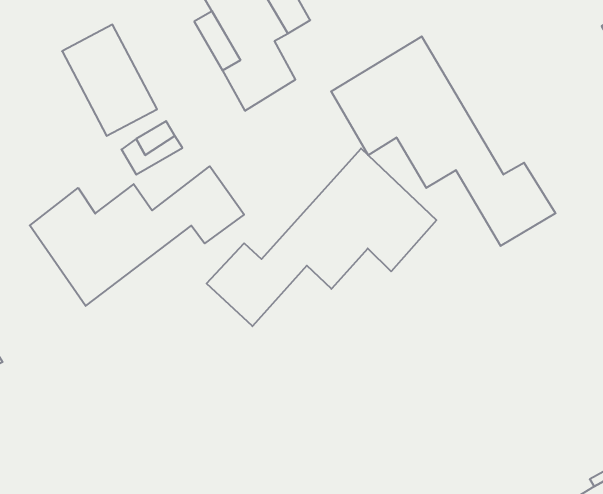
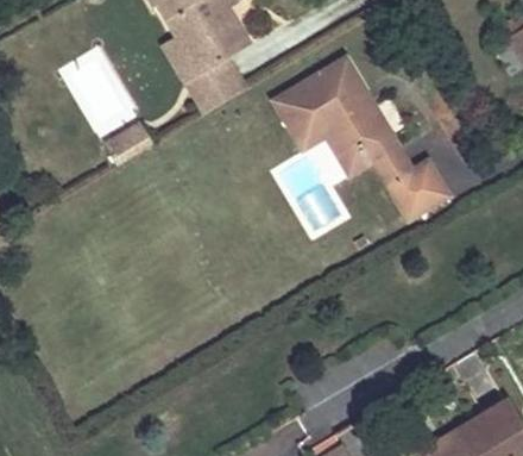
building: [207,148,436,326] -> none
building: [30,166,244,306] -> none

